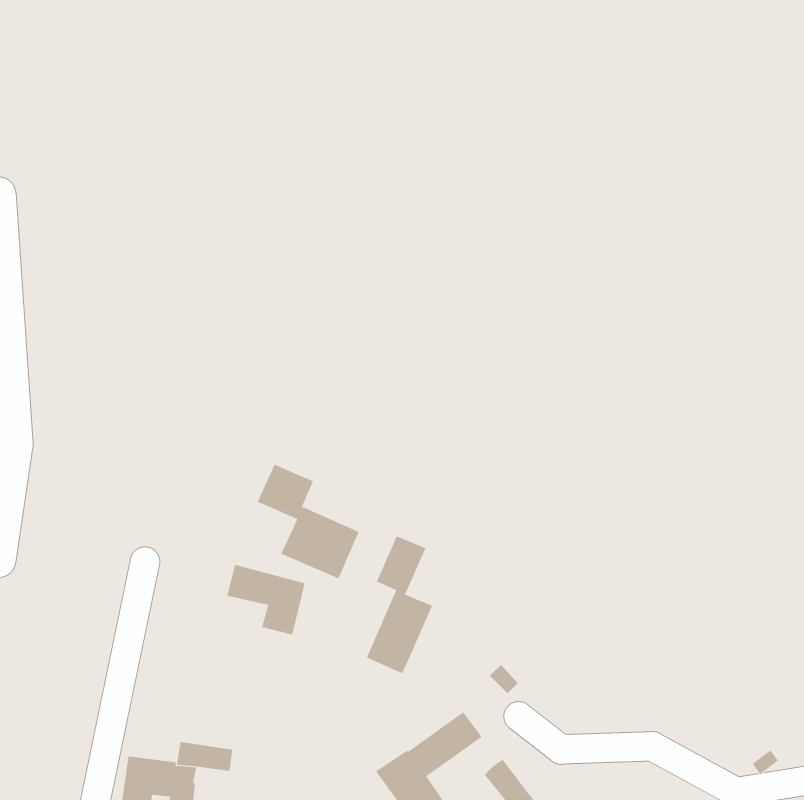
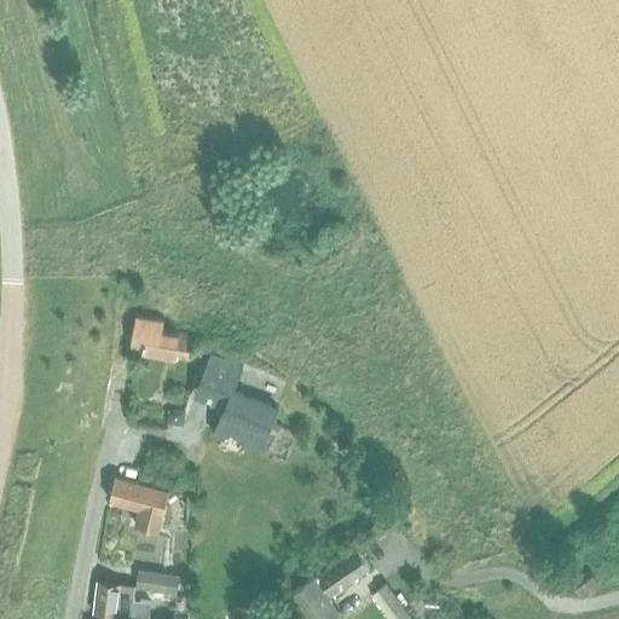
building: none -> [129,318,195,363]
building: [366,535,433,674] -> none
building: [227,564,305,635] -> [108,480,168,534]

